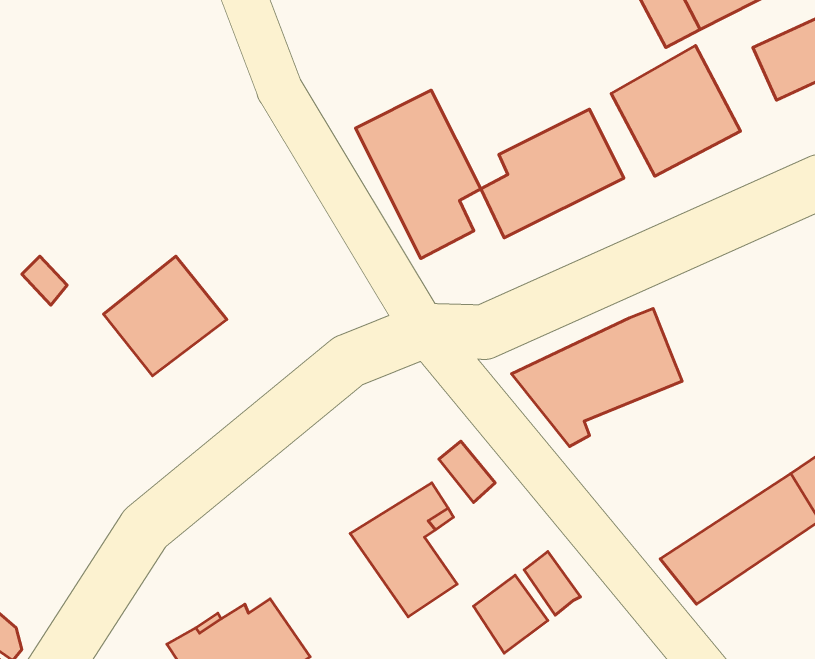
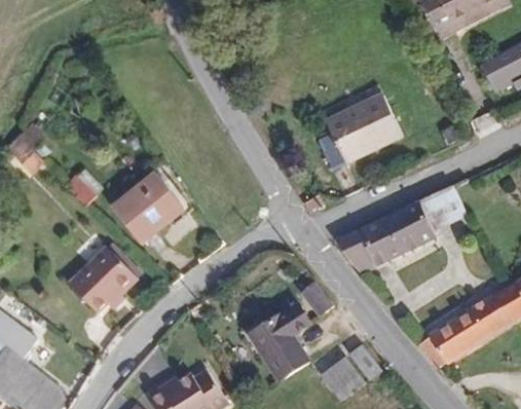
building: [611,46,741,176] -> none
building: [355,90,481,258] -> none
building: none -> [420,187,468,229]
building: none -> [67,245,136,310]

